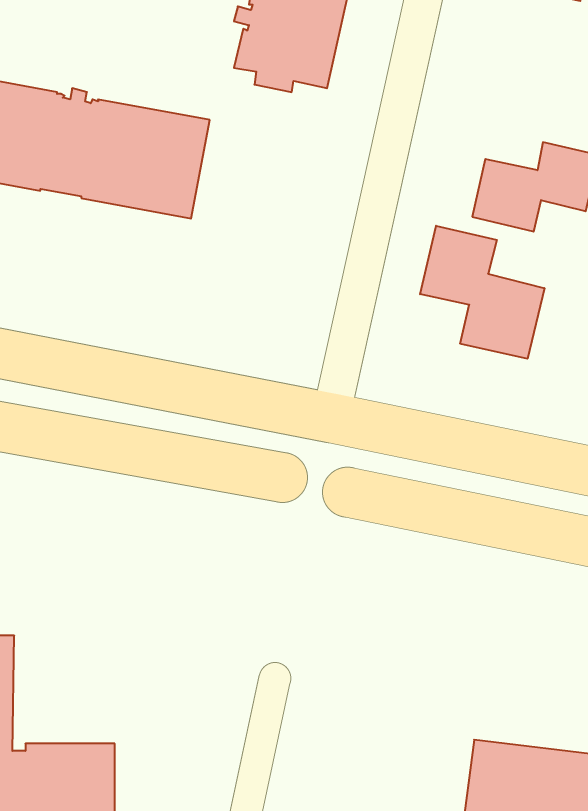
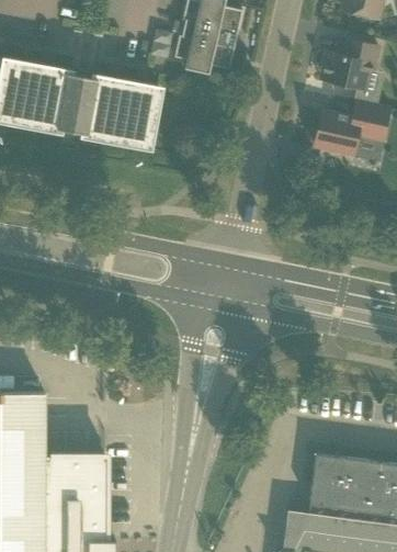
building: none -> [319,40,377,88]
building: [420,226,544,359] -> none

